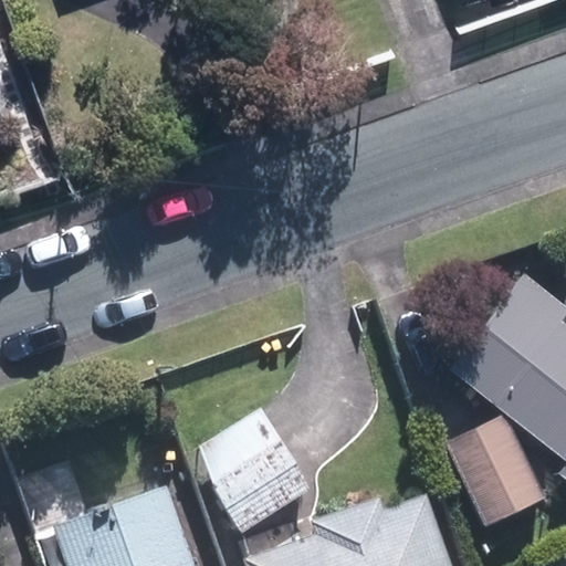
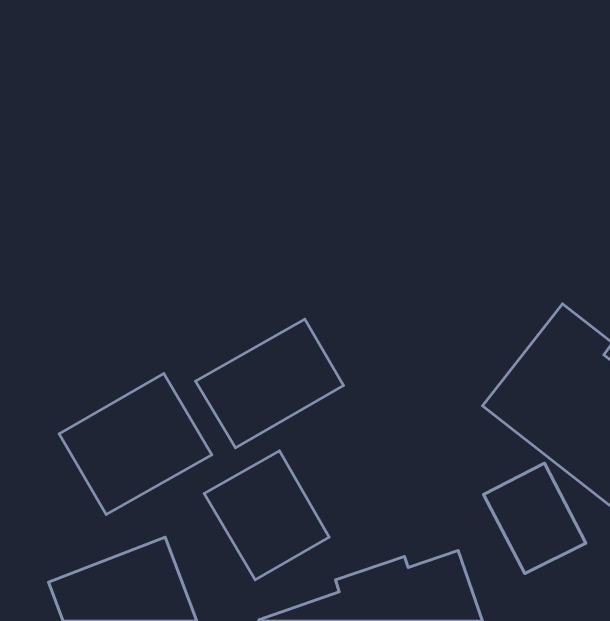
building: none -> [196,319,343,448]
building: none -> [59,374,212,515]

